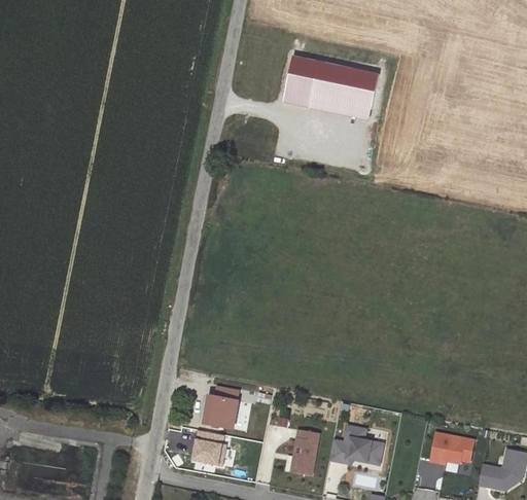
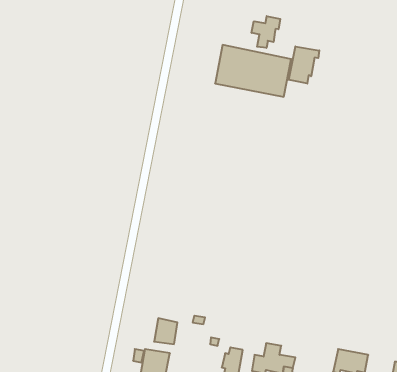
building: none -> [252,16,280,48]
building: none -> [289,46,319,84]

